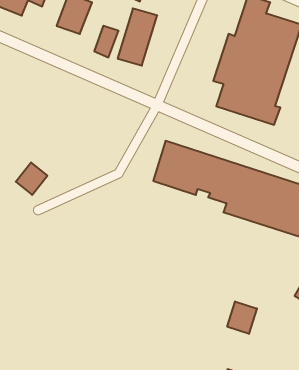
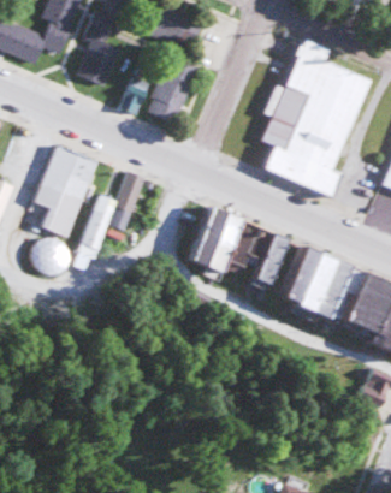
building: none -> [34,145,95,238]
building: none -> [76,172,144,261]
building: [227,301,257,334] -> none

